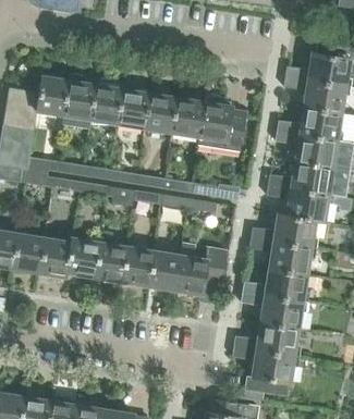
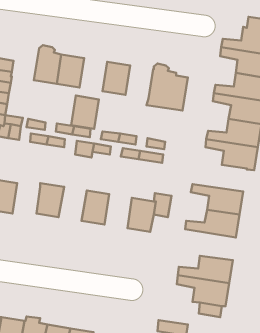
building: [37,75,70,115] -> none
building: [119,89,151,128] -> [71,96,99,129]
building: [173,98,206,137] -> none
building: [253,213,317,247] -> none
building: [94,231,127,282] -> none
building: [39,237,72,278] -> none
building: [148,250,181,291] -> none
building: [242,292,304,329] -> none

